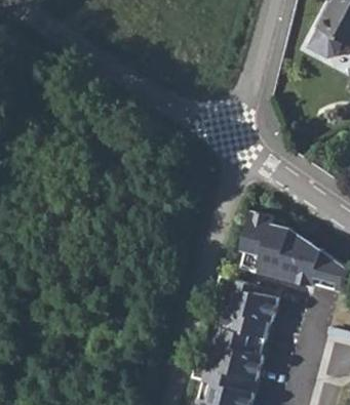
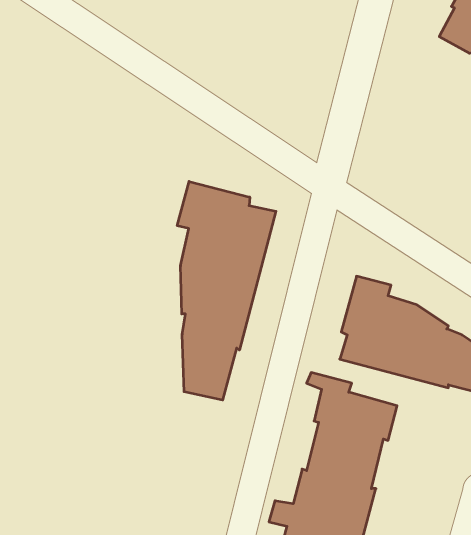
building: none -> [177,181,276,400]

